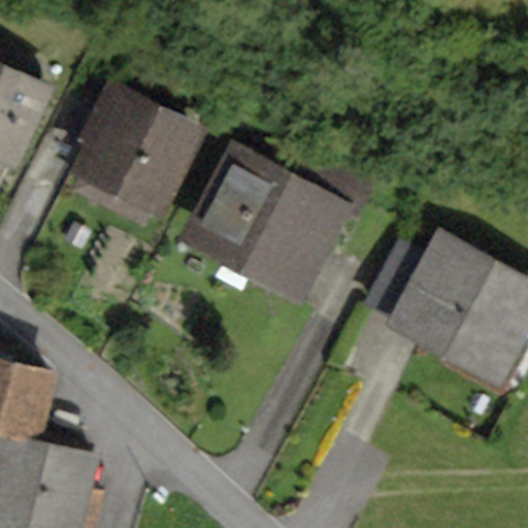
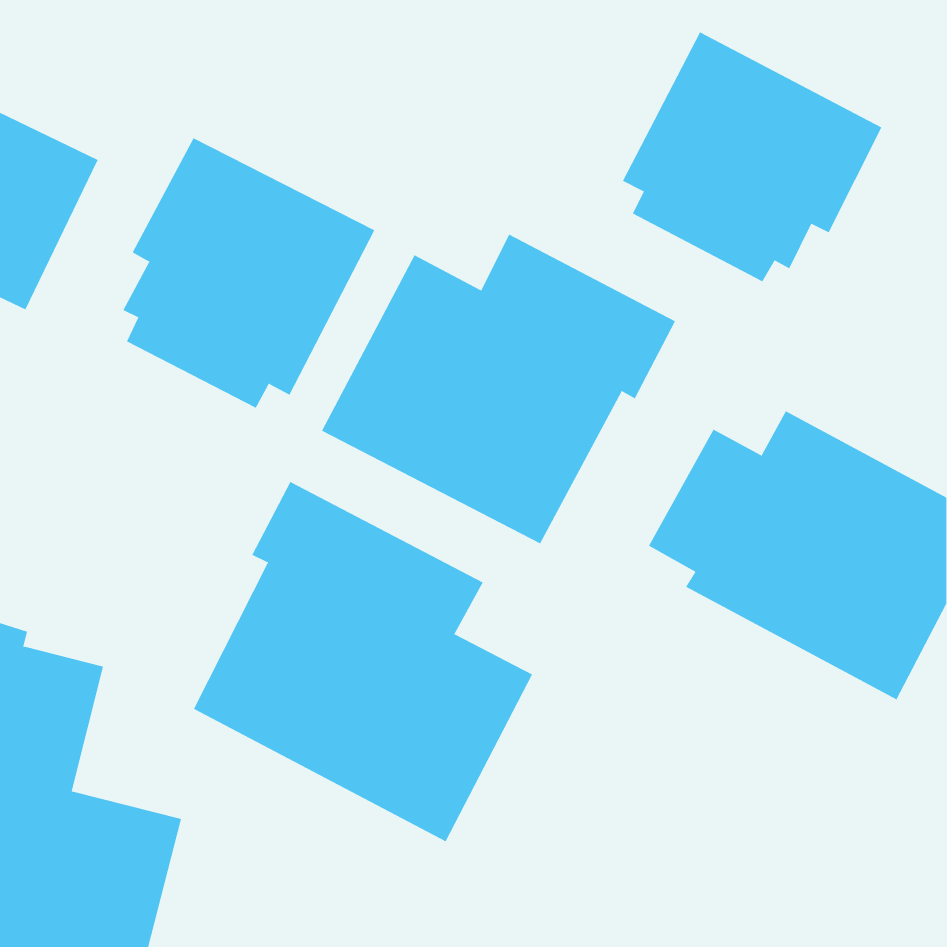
building: none -> [622,31,882,282]
building: none -> [193,481,533,842]

